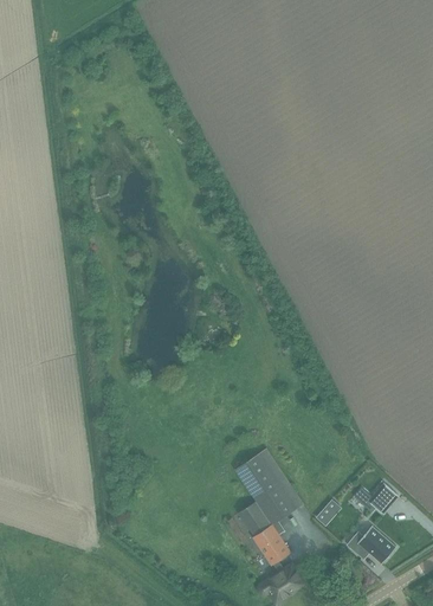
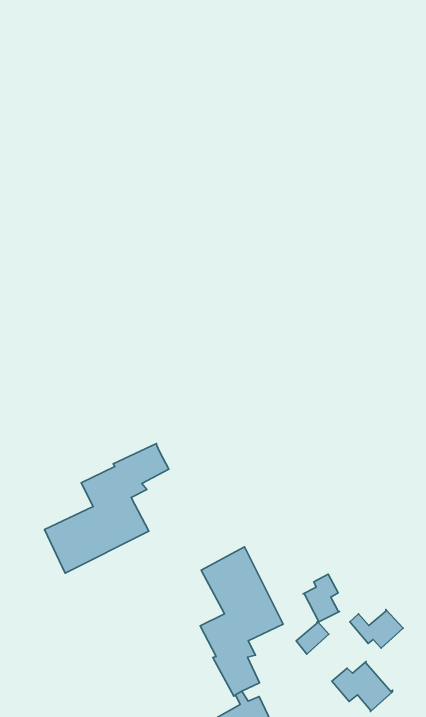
building: none -> [45,443,169,573]
building: none -> [303,574,339,622]

